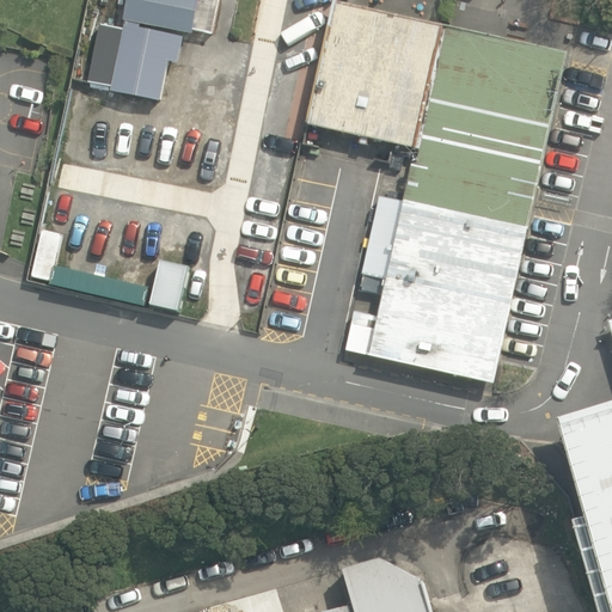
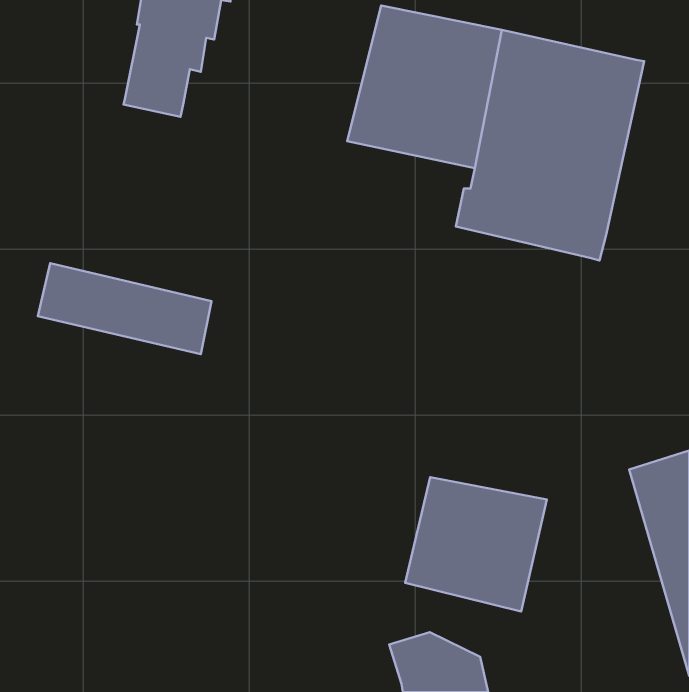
building: [344,195,528,385] -> none
building: none -> [405,477,547,611]

